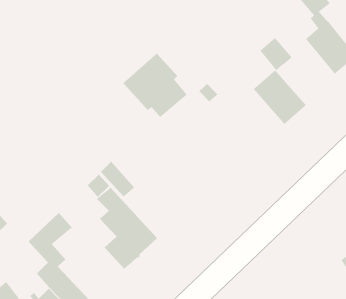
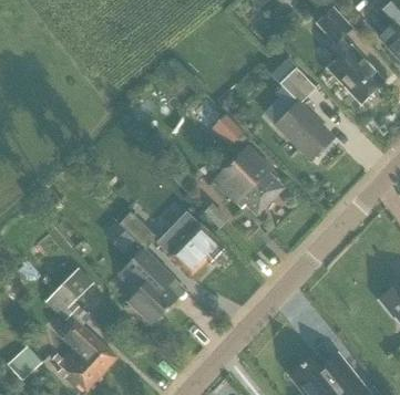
building: [122,53,188,118] -> [213,145,283,214]
building: none -> [155,210,224,276]

